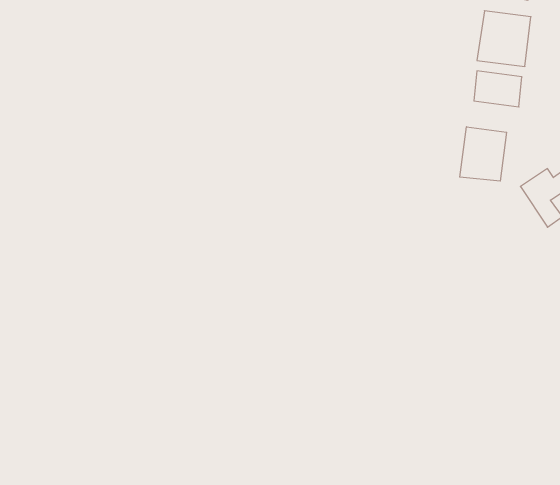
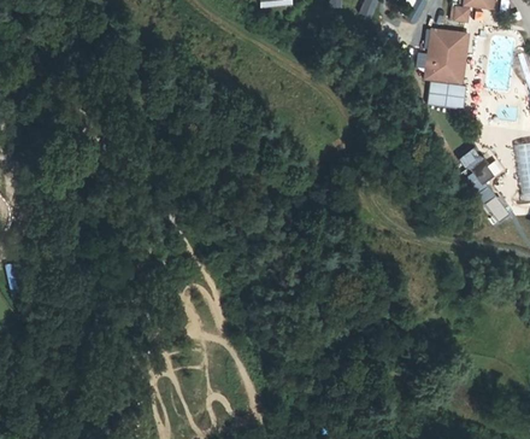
building: [460,127,507,181] -> none

